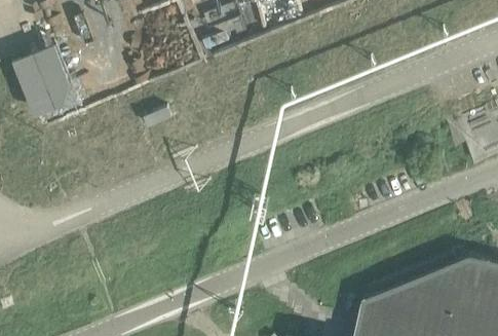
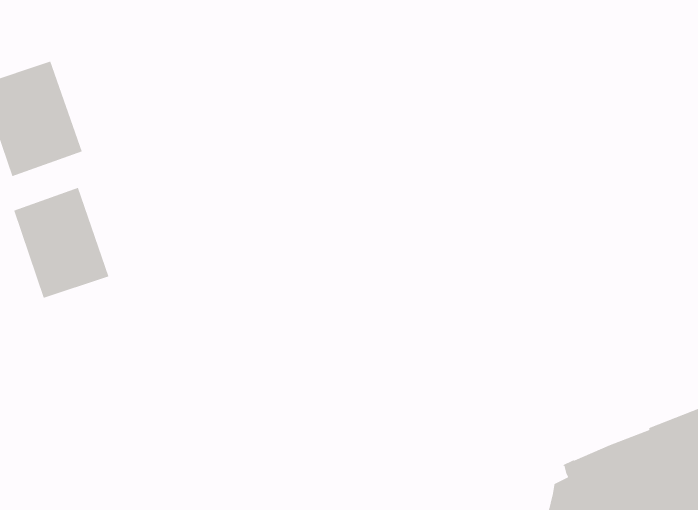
building: none -> [13,187,110,299]

